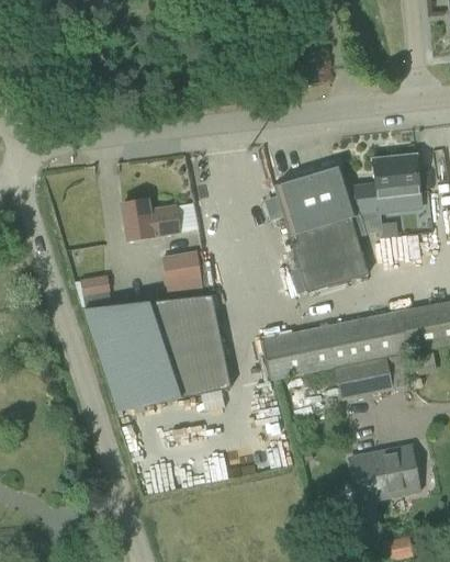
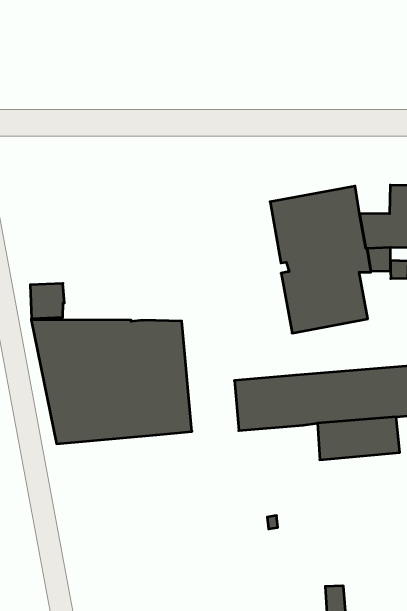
building: [122,199,179,239] -> none
building: [160,249,204,300] -> none
building: [349,446,419,501] -> none

